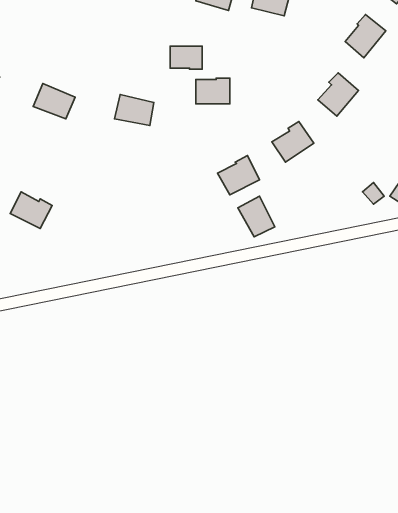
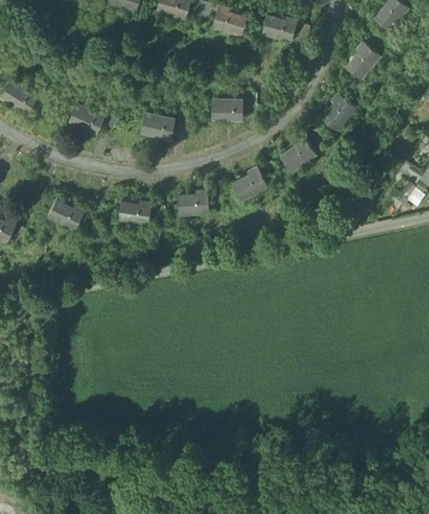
building: [170,46,202,69] -> none
building: none -> [178,189,209,215]
building: none -> [119,199,151,223]
building: [238,196,275,237] -> none

